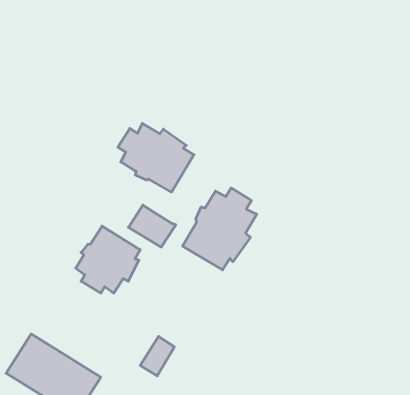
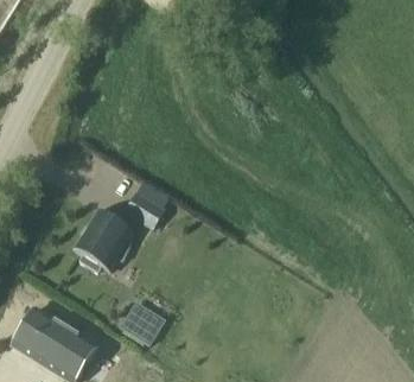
building: [118,123,194,192] -> none
building: [183,188,257,270] -> none

